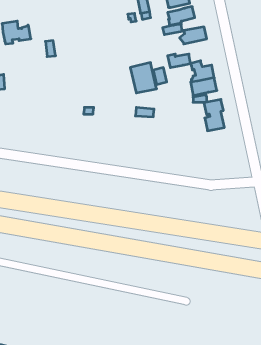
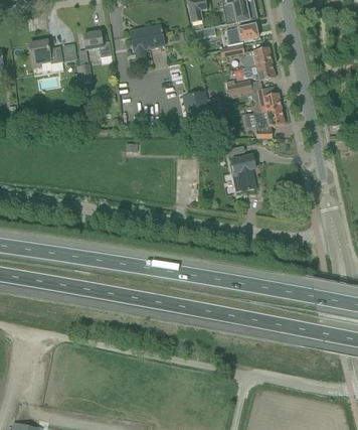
building: none -> [130,24,165,66]
building: none -> [83,31,113,57]
building: none -> [244,61,276,80]
building: [204,99,224,131] -> [232,154,256,191]

